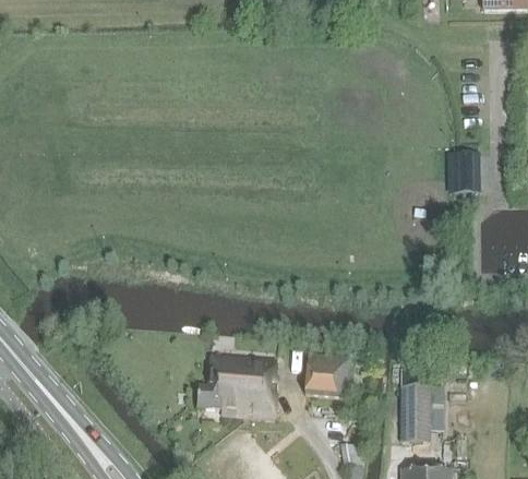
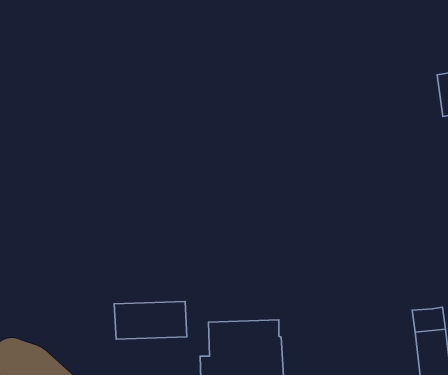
building: none -> [114,302,187,339]
building: [305,351,351,396] -> none

